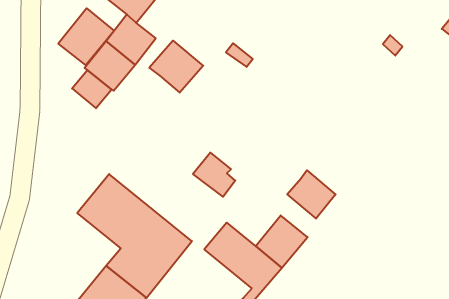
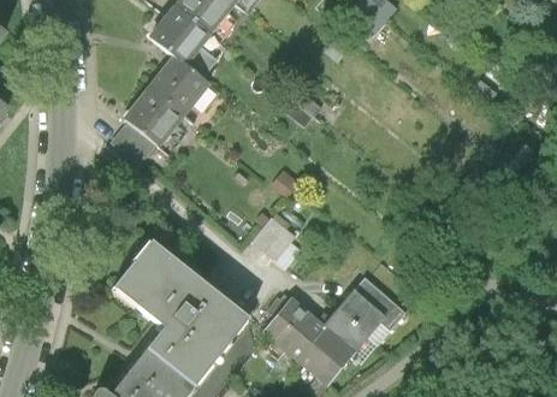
building: [58,8,114,65] -> none
building: [149,41,203,93] -> none
building: [287,170,336,219] -> none

